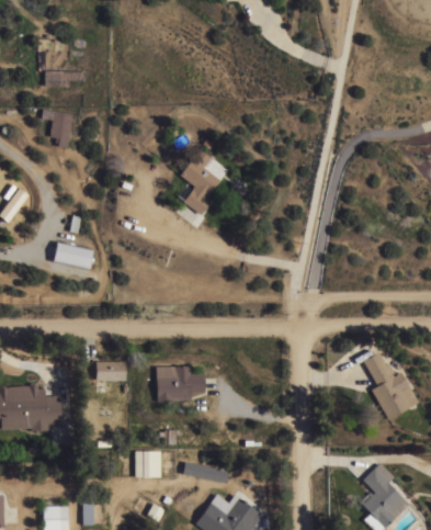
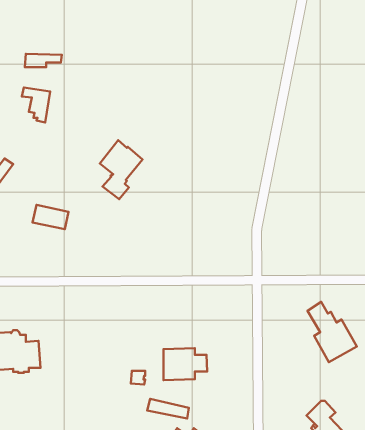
building: [179,148,227,215] -> [100,140,142,199]
building: [95,361,125,380] -> none
building: [156,365,205,402] -> [164,348,207,380]
building: [134,450,160,477] -> none

